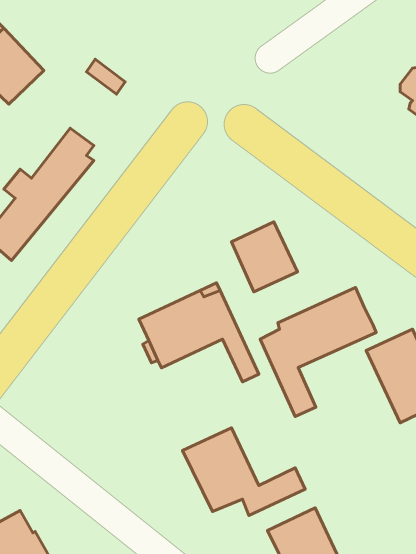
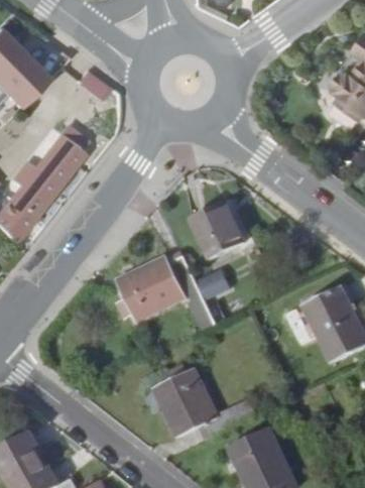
building: [260,288,376,416] -> none

